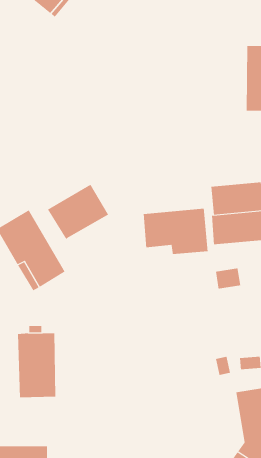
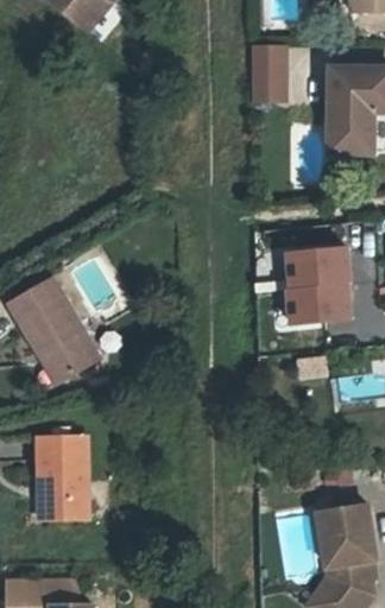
building: none -> [253,46,284,95]
building: [47,184,109,240] -> none
building: [143,208,208,255] -> none

